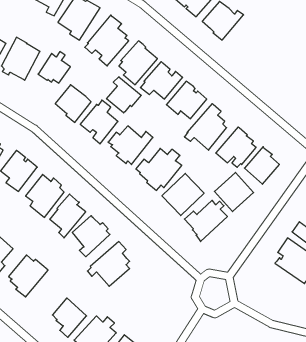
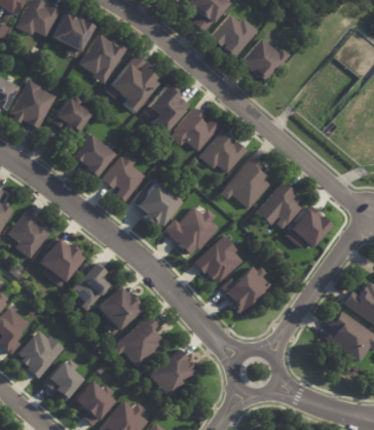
building: [107,77,141,113] -> none
building: [214,172,254,212] -> none
building: none -> [147,348,194,396]
building: none -> [40,359,78,396]

